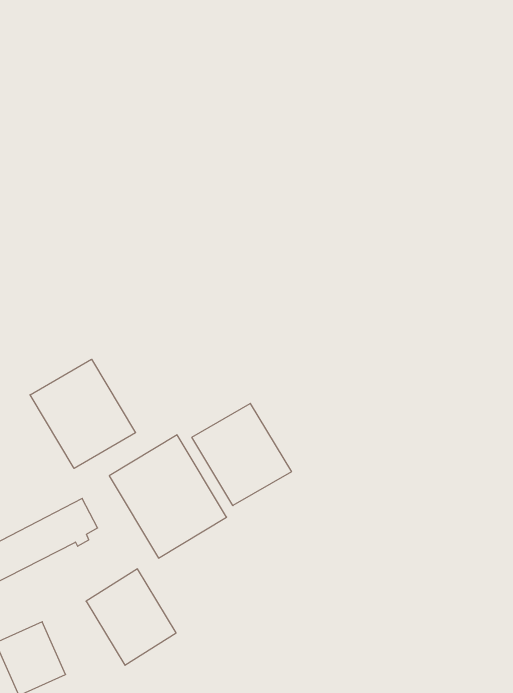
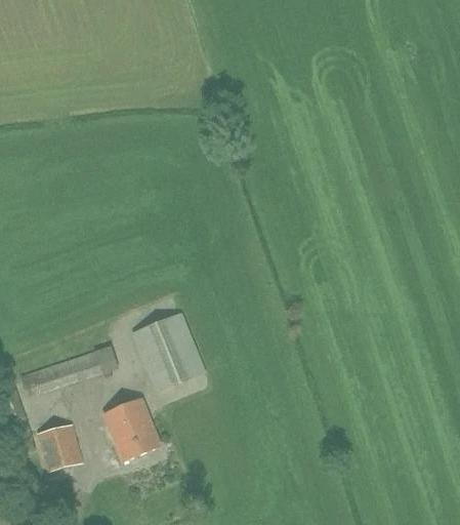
building: [30,359,136,468] -> none
building: [192,403,291,506] -> none

